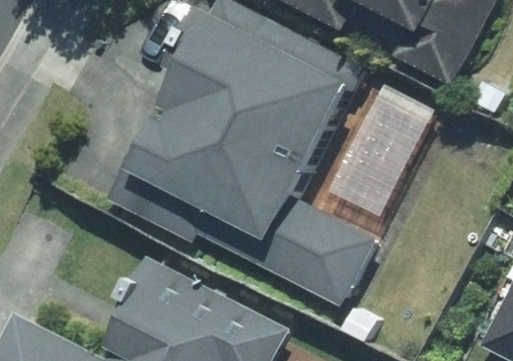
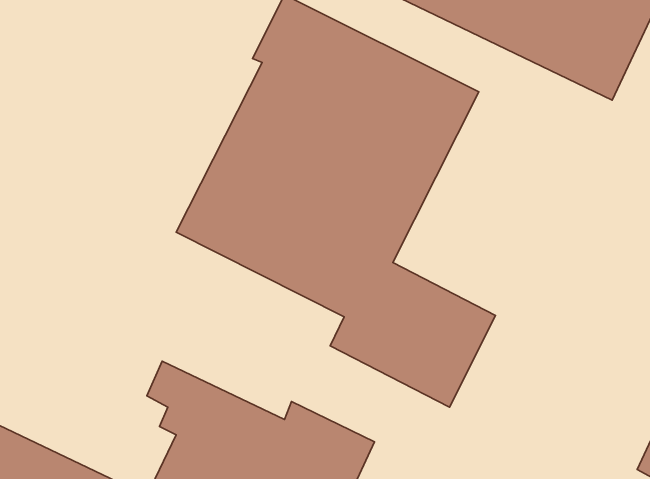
building: [332,84,438,219] -> none

